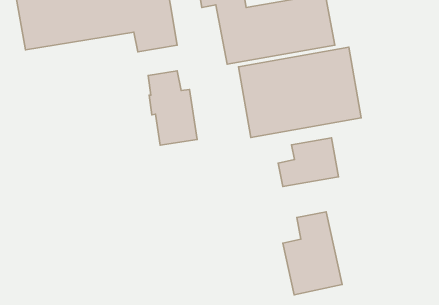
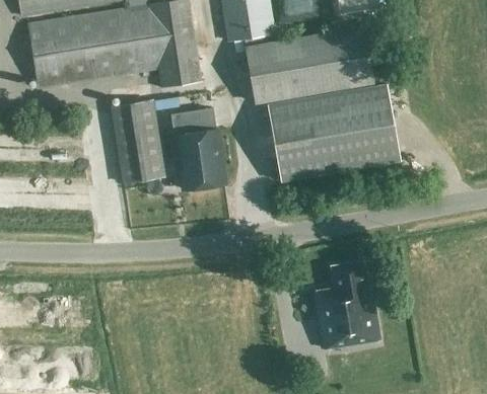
building: none -> [111,100,165,182]
building: [278,138,338,187] -> none

